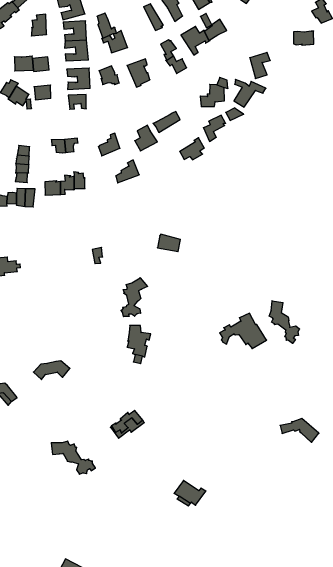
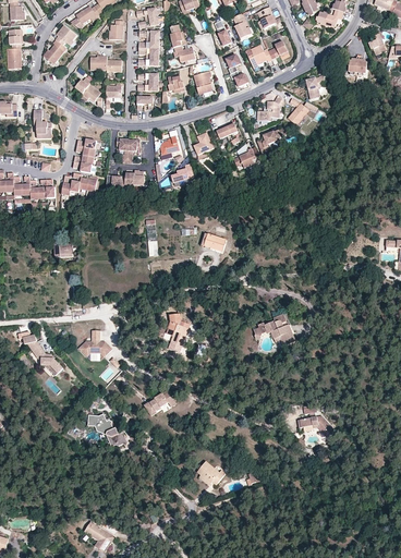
building: [121,278,148,317] -> none
building: [269,301,300,343] -> none

